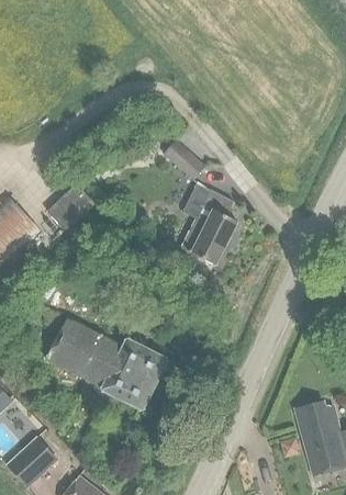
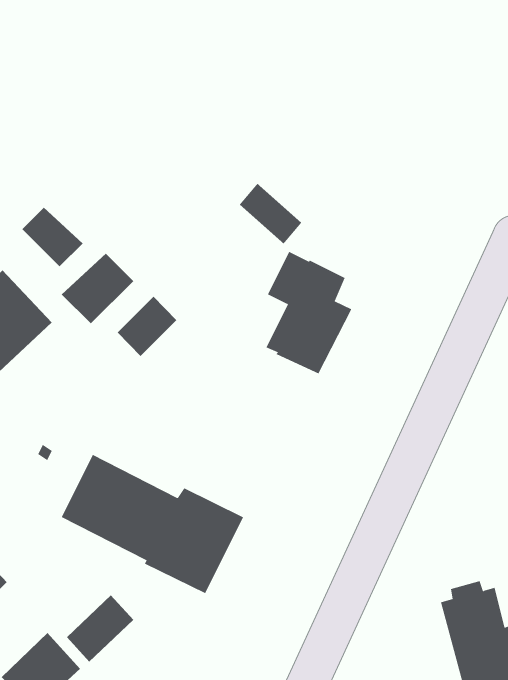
building: none -> [22,207,83,267]
building: none -> [117,296,177,357]
building: none -> [66,594,134,663]

